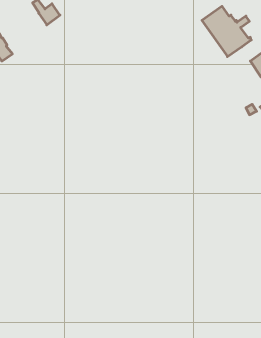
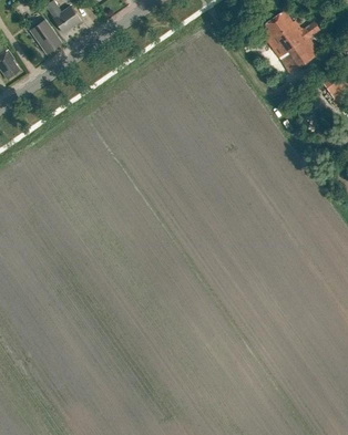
building: none -> [30,20,61,54]

